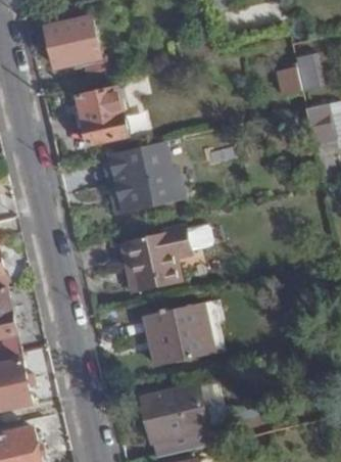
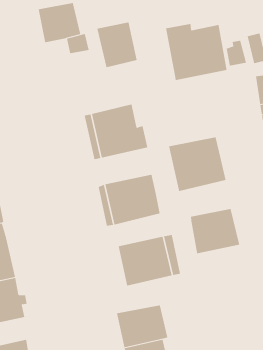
building: none -> [165,23,227,81]
building: [77,87,127,143] -> [97,22,138,68]
building: none -> [169,137,226,192]
building: none -> [191,208,240,254]

